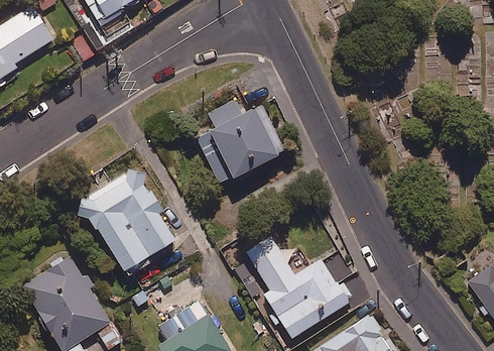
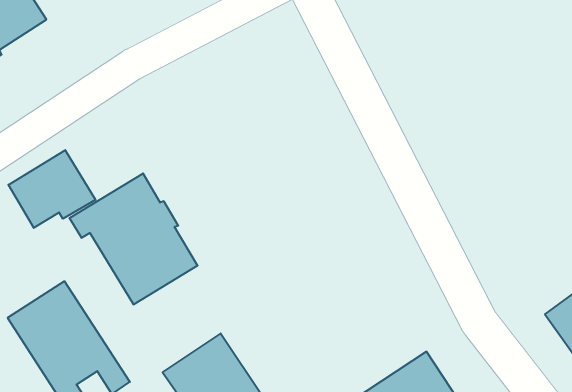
building: [191,102,282,185] -> none
building: none -> [8,150,95,228]
building: [246,236,350,339] -> none

